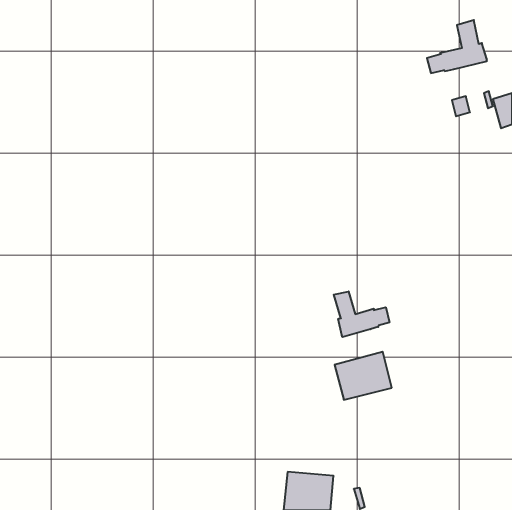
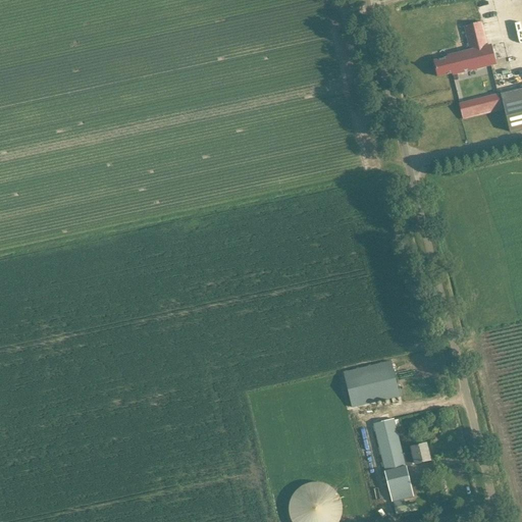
building: [334,291,389,337] -> none
building: none -> [373,417,430,499]

